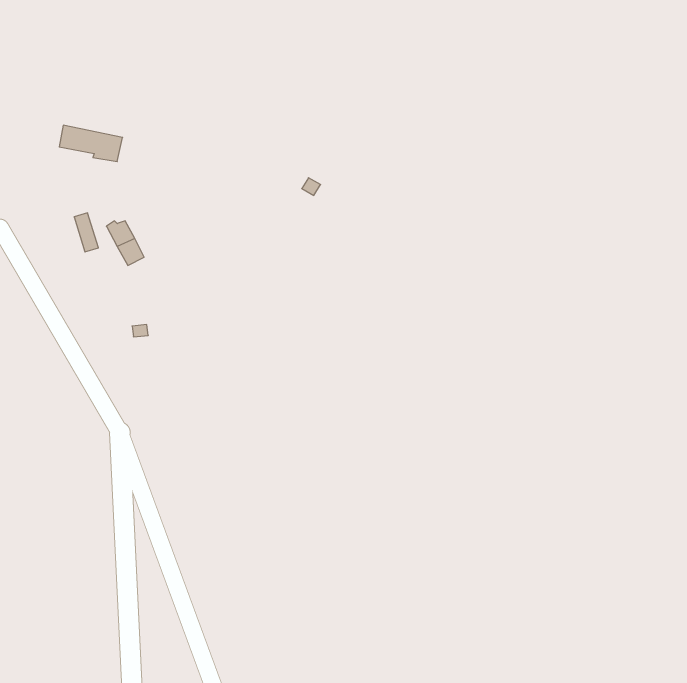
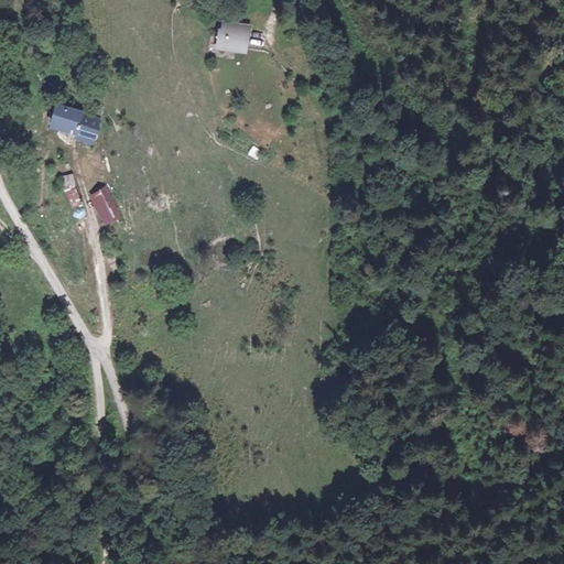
building: none -> [216,29,243,52]

